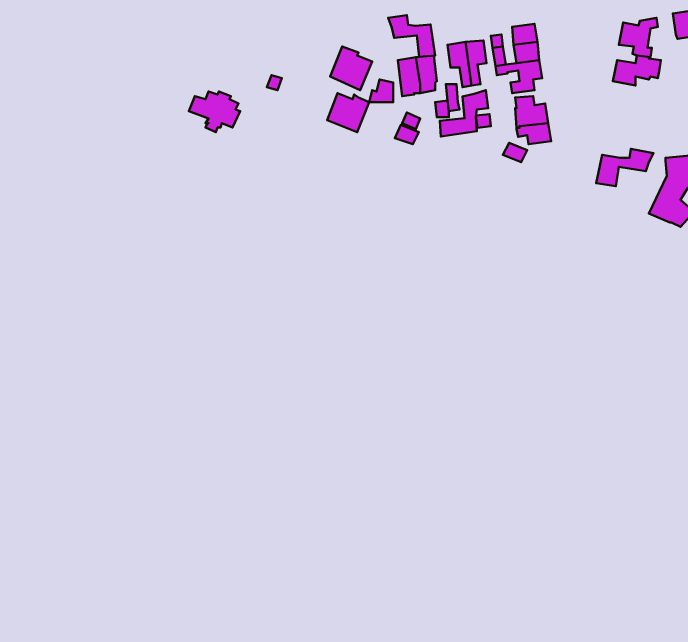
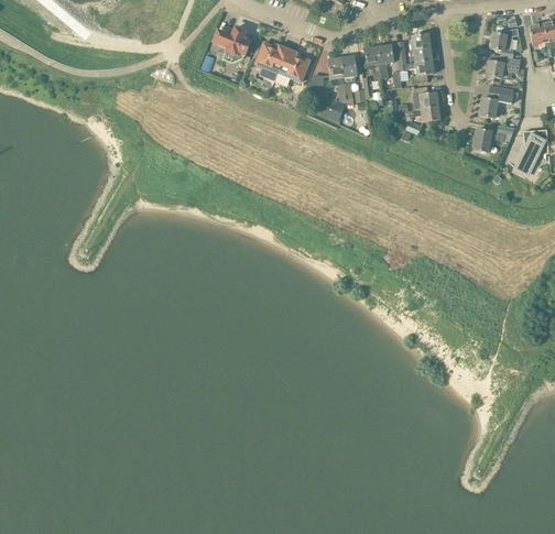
building: [388,15,435,57] -> none
building: [440,90,488,137] -> none
building: [189,91,240,132] -> [214,26,251,56]
building: [327,93,369,132] -> [257,42,287,70]
building: none -> [479,84,514,117]

